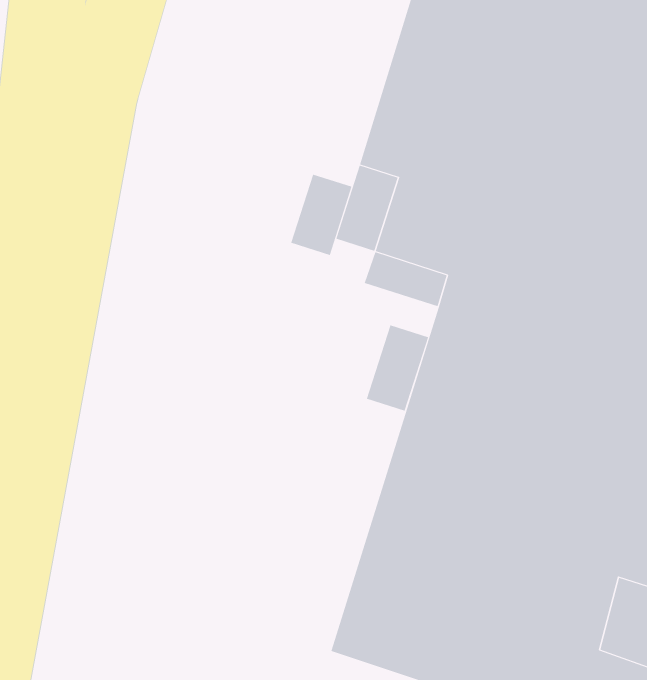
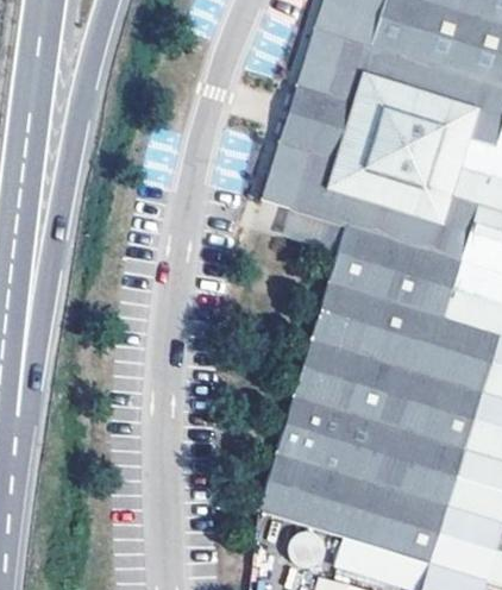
building: [291,174,352,256] -> none
building: [366,324,429,411] -> none

